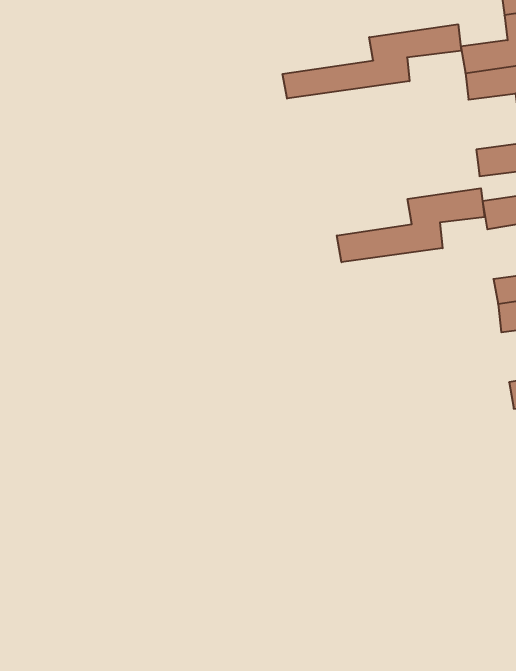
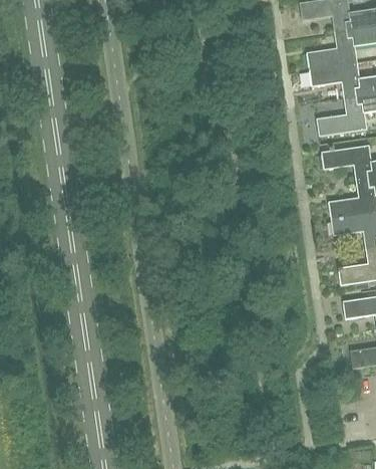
building: [283,24,461,99] -> none
building: [337,188,485,262] -> none

